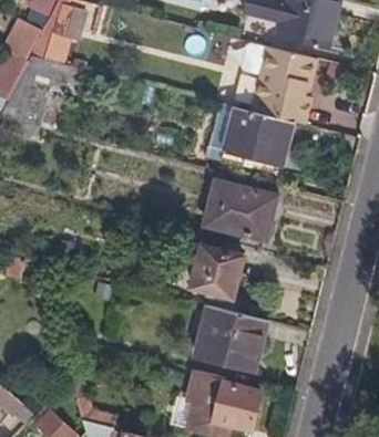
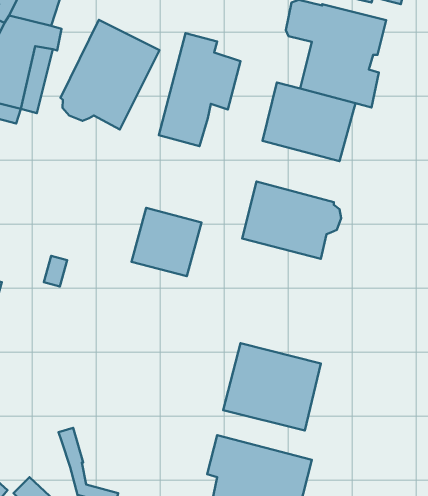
building: none -> [60,20,159,129]
building: none -> [159,33,241,146]
building: [191,246,244,298] -> [131,208,201,276]

